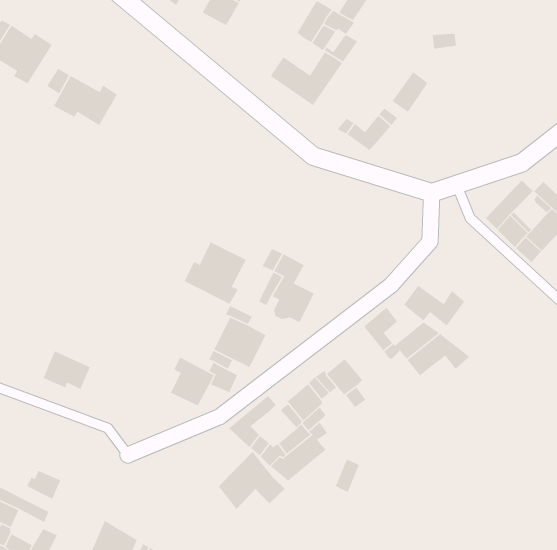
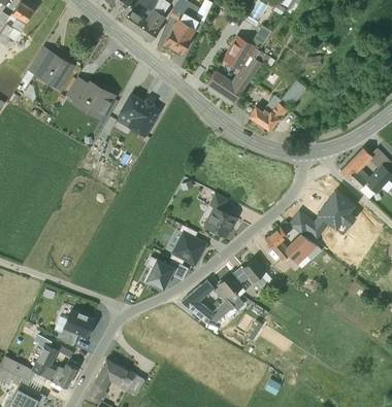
building: none -> [122,95,159,135]
building: [183,241,247,305] -> none
building: none -> [318,191,355,228]
building: [43,350,91,390] -> [64,309,94,334]
building: [218,451,286,510] -> none

